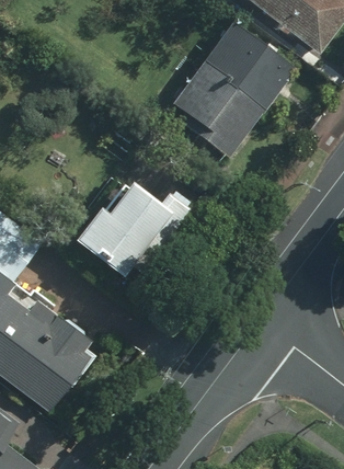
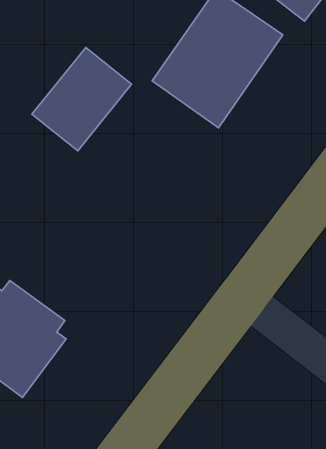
building: [80,175,175,274] -> [32,48,132,151]

